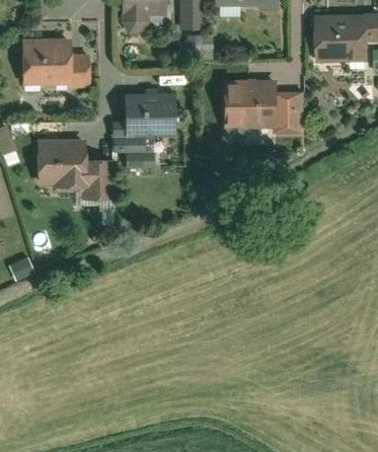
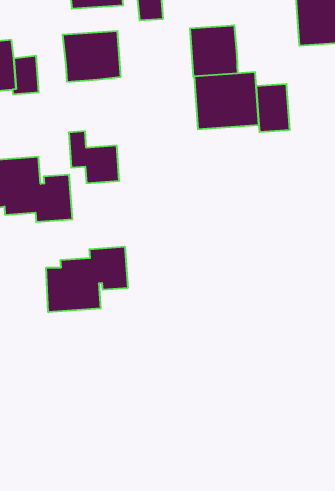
building: none -> [190,25,237,77]
building: [126,95,173,136] -> [62,31,121,82]
building: none -> [46,247,128,312]

